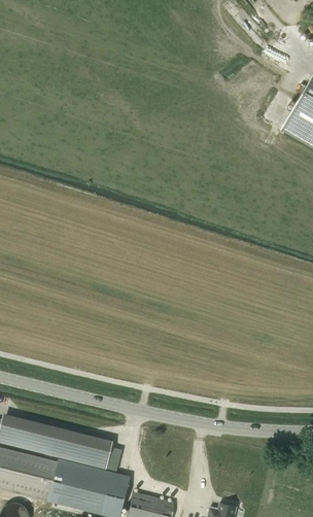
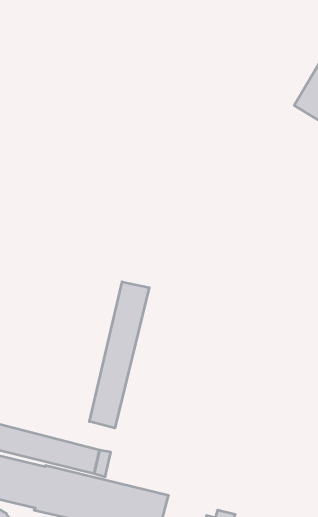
building: none -> [89,282,149,428]

